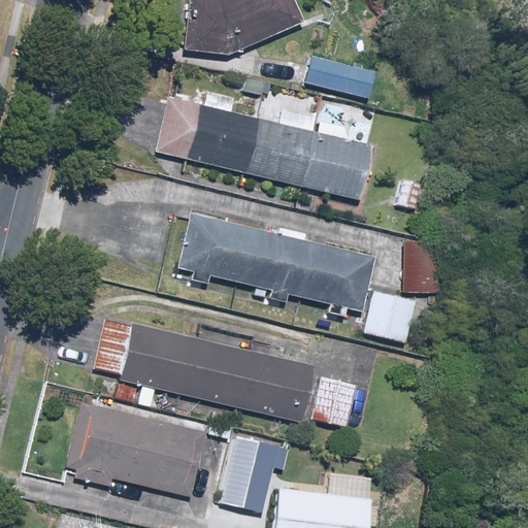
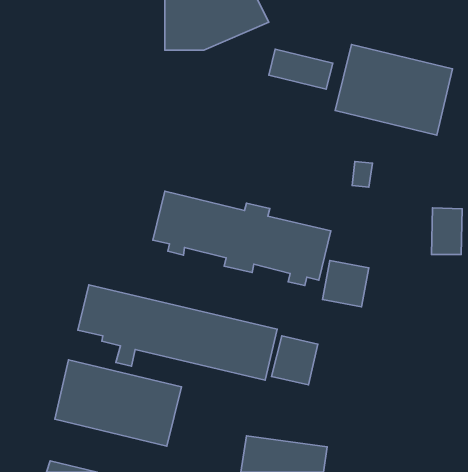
building: none -> [335,45,452,135]
building: [156,92,371,200] -> none
building: [403,240,437,292] -> [431,208,462,254]
building: [221,436,278,510] -> none

